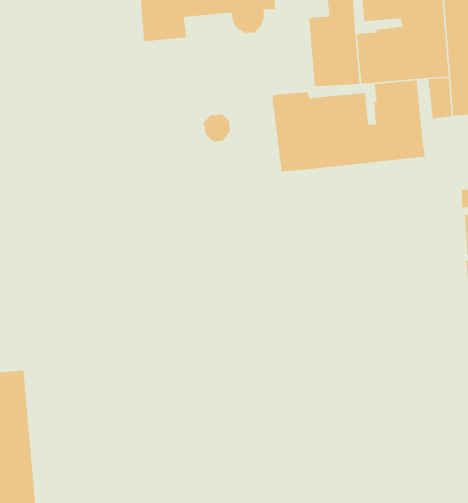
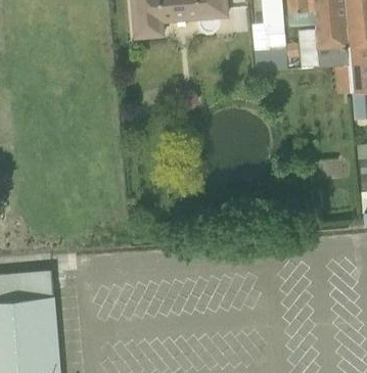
building: [272,79,426,172] -> none

